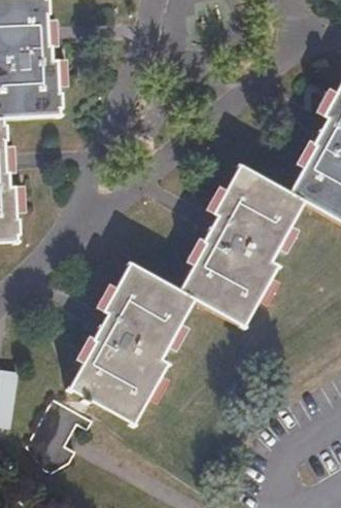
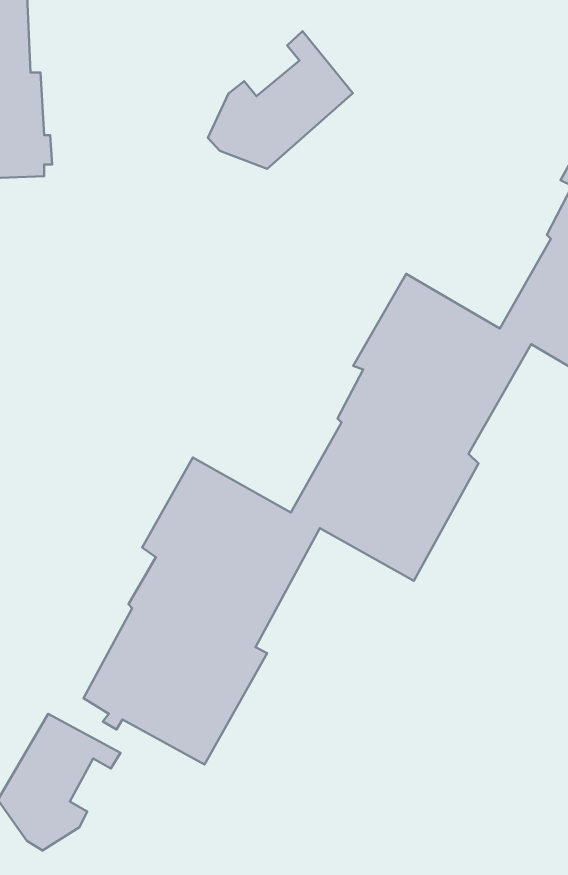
building: none -> [208,31,353,169]

